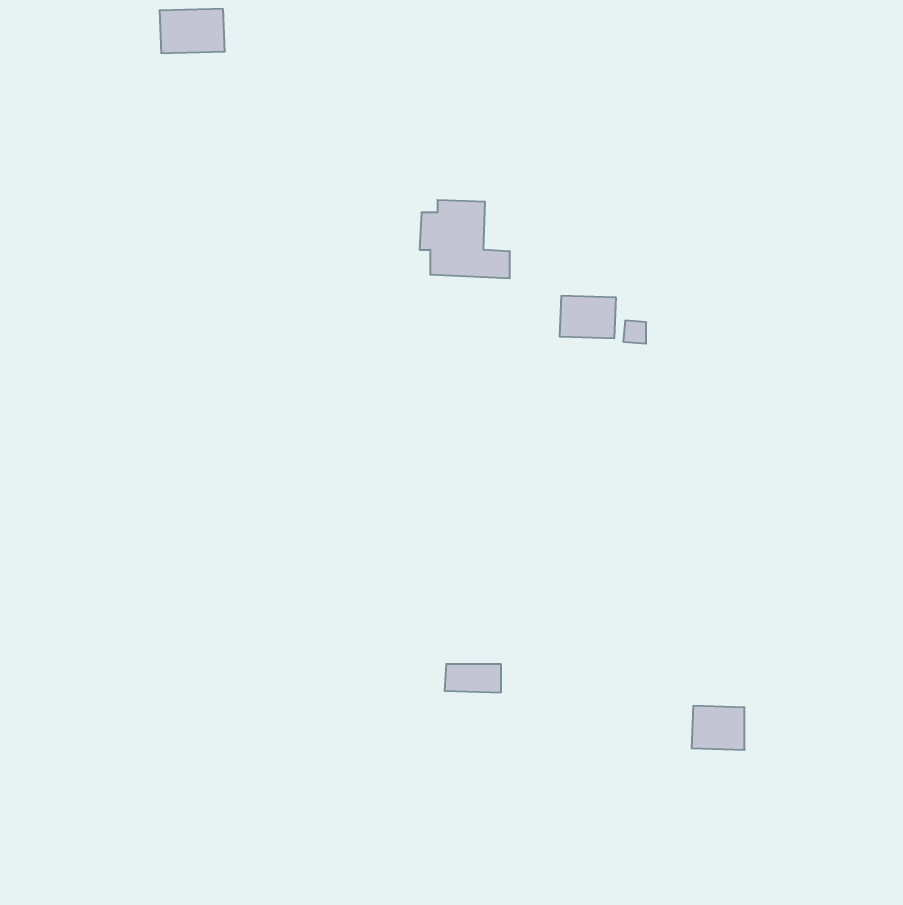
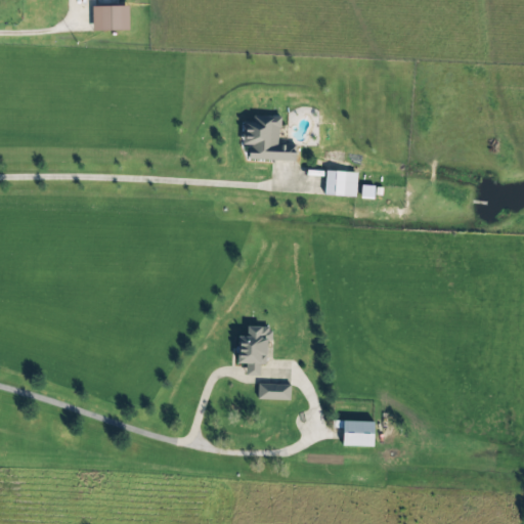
building: none -> [238,326,269,376]
building: [692,706,745,750] -> [343,421,374,446]

